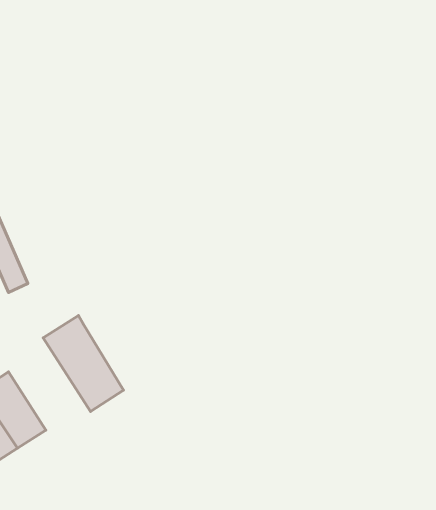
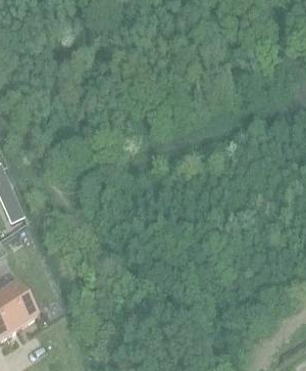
building: [43,315,124,411] -> none

